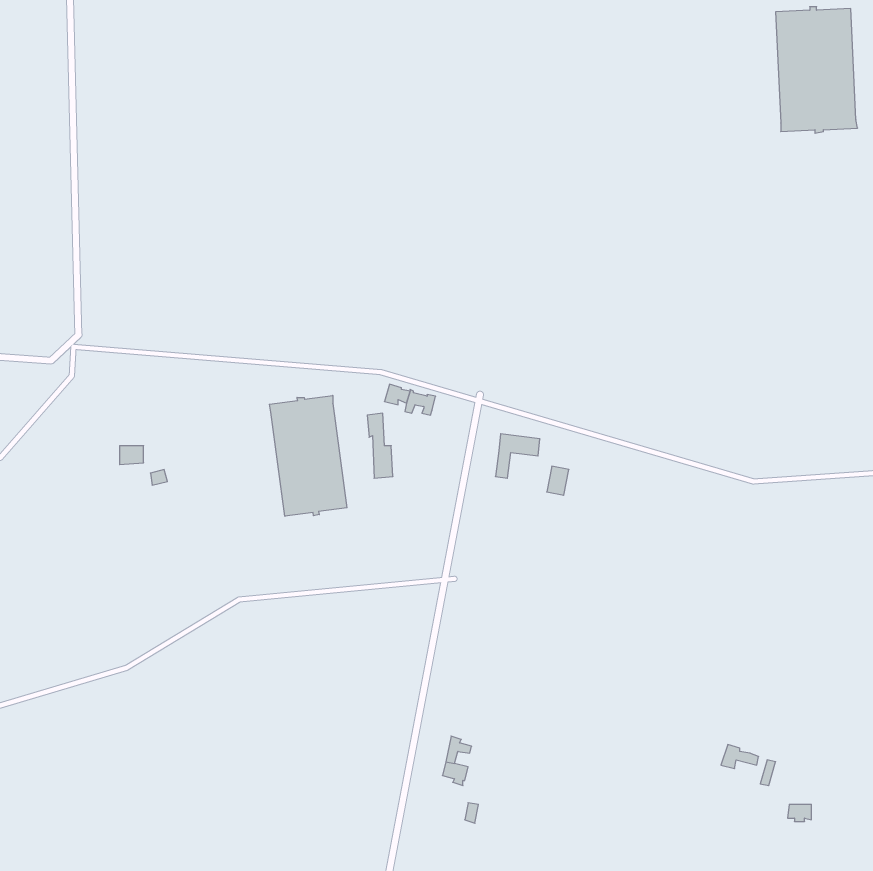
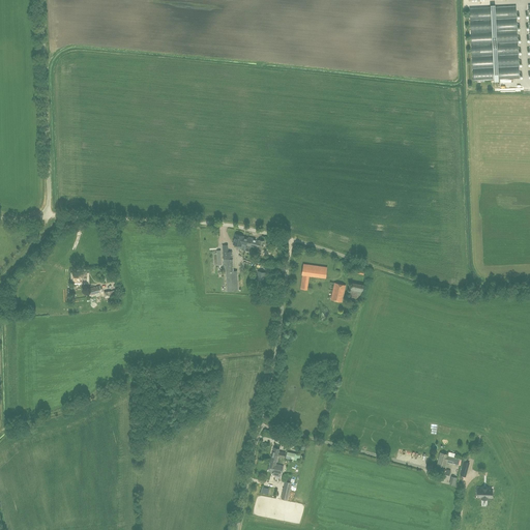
building: [269,395,347,516] -> none

